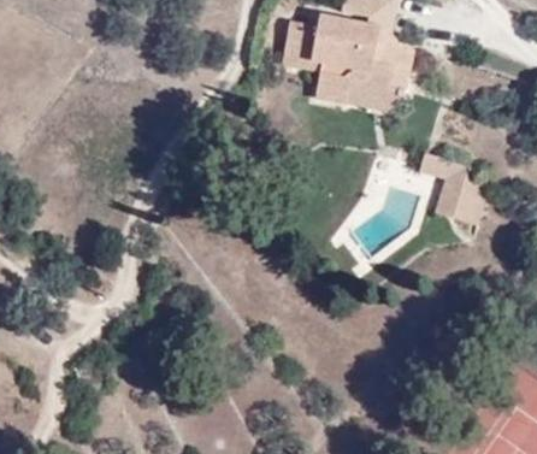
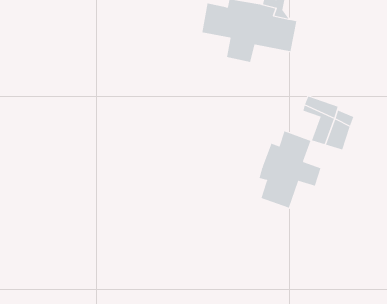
building: [348,81,403,111] -> none
building: none -> [259,130,321,208]

